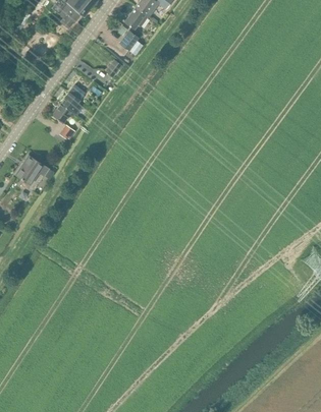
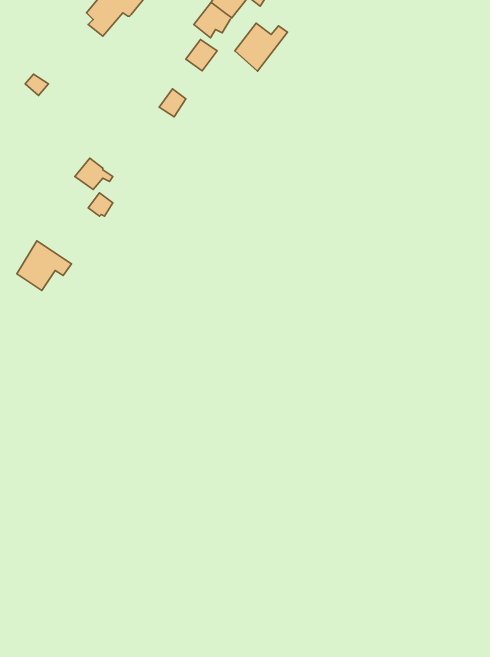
building: none -> [235,23,288,71]
building: [60,84,85,115] -> none

